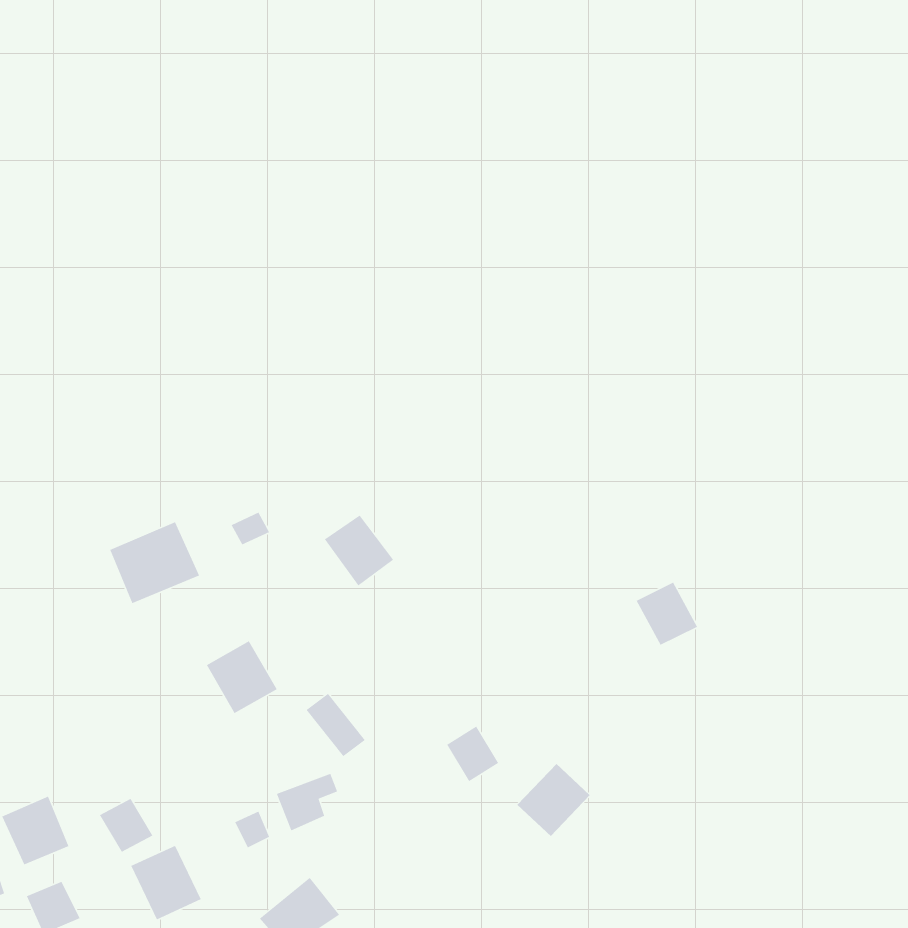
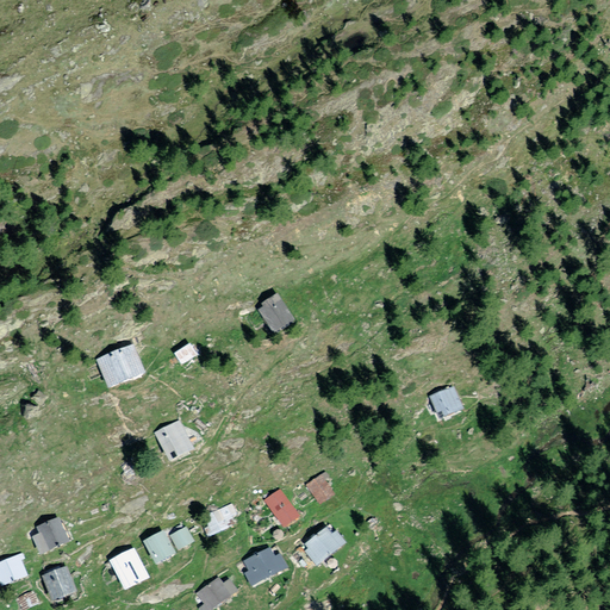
building: [324,515,394,586] -> [255,291,299,336]
building: [305,693,366,757] -> [263,487,301,528]
building: [517,763,590,837] -> [299,521,346,567]
building: [99,798,154,853] -> [141,531,175,566]
building: none -> [238,543,287,586]

